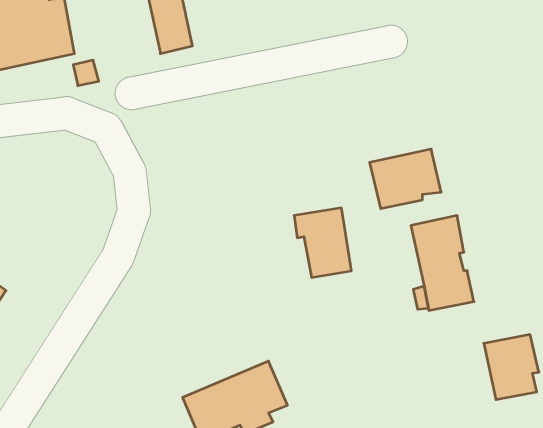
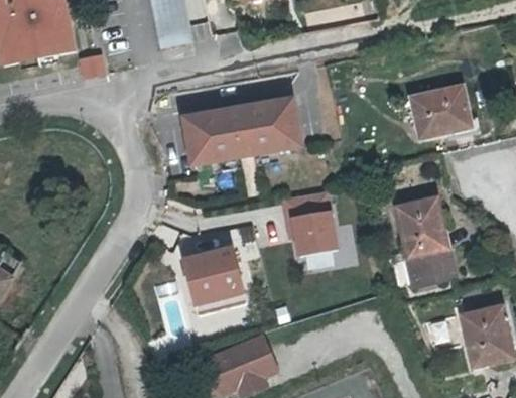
building: none -> [180,103,294,164]
building: [370,149,441,209] -> [416,83,482,137]
building: none -> [177,246,238,302]

